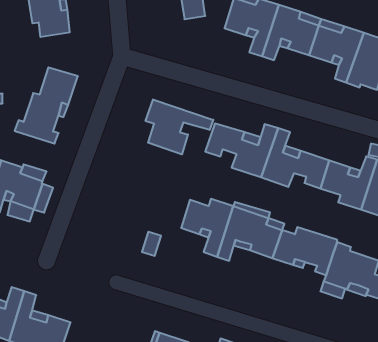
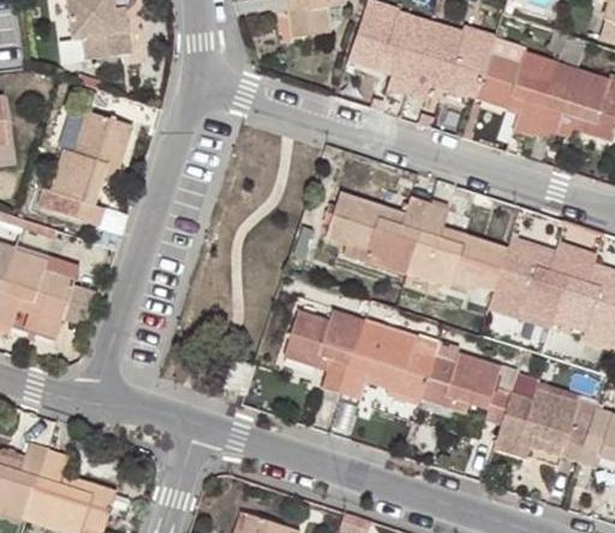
building: [146,99,213,154] -> none

